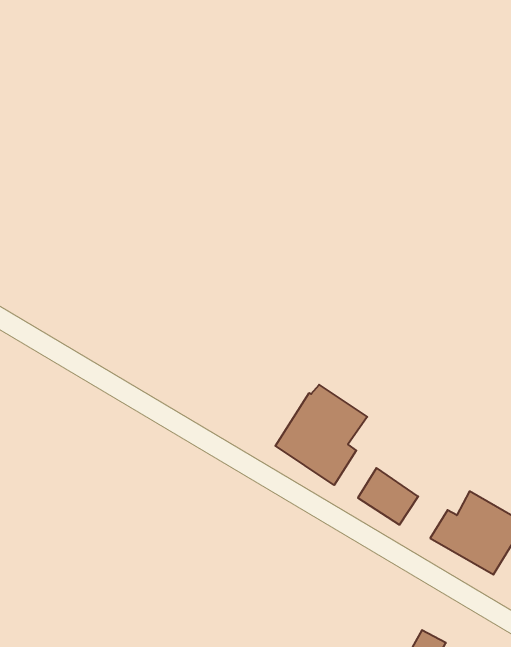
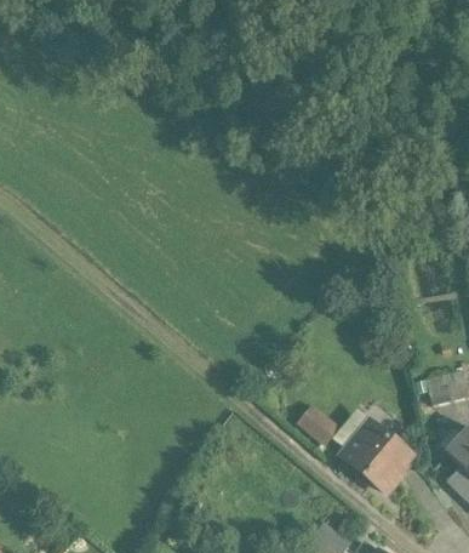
building: [275,385,367,485] -> none

